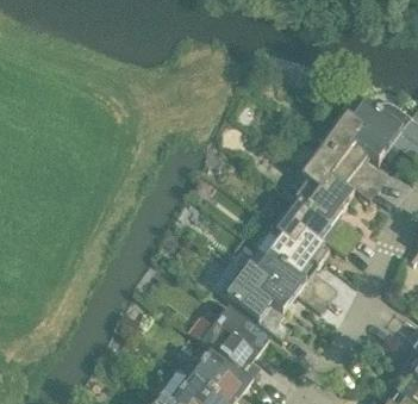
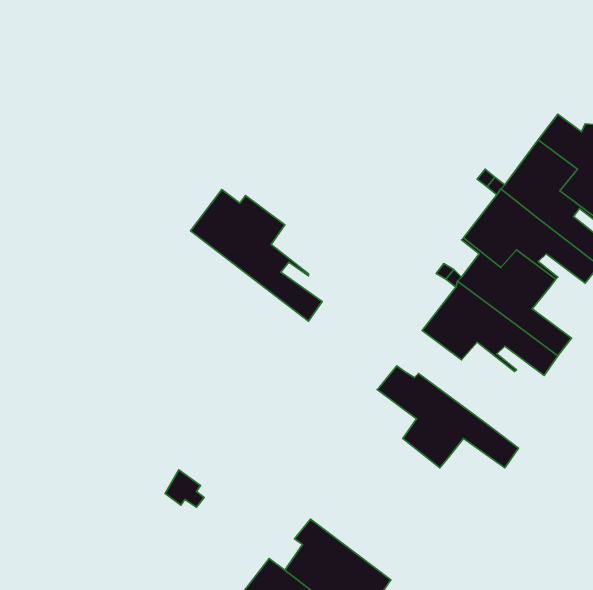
building: [256,228,338,299] -> none
building: [211,260,291,340] -> [191,189,322,321]
building: [199,307,269,379] -> none

